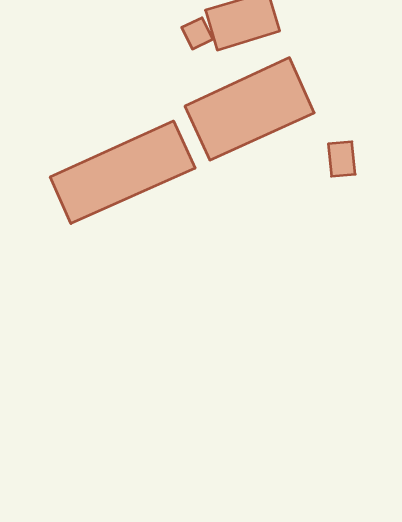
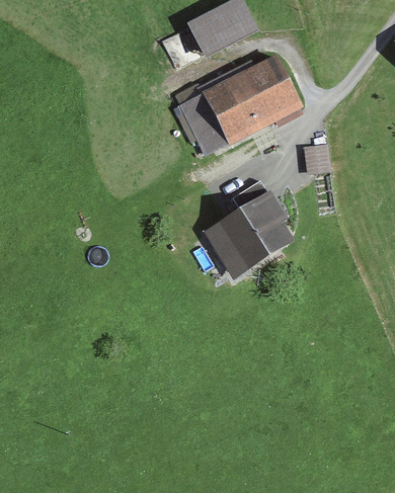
building: [50,121,195,224] -> none
building: none -> [200,192,290,278]

